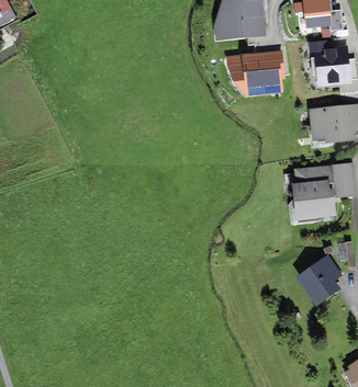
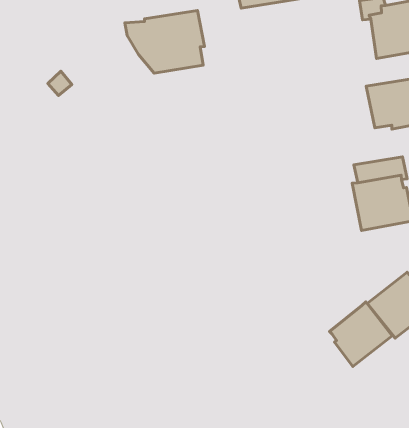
building: [225,49,286,95] -> [125,10,204,73]
building: none -> [330,302,392,366]

